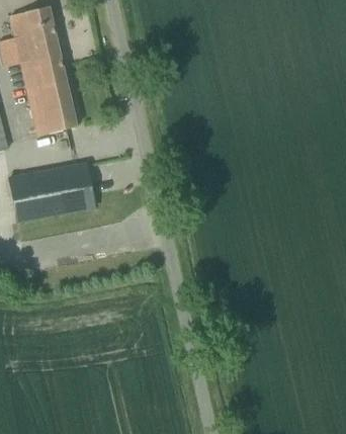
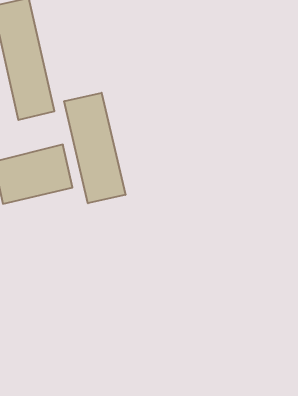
building: none -> [64,93,125,203]

